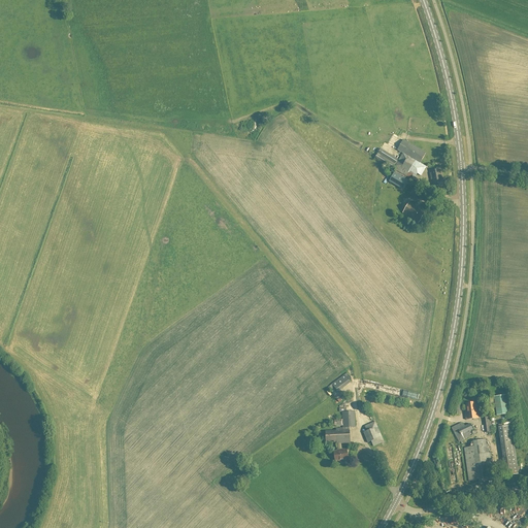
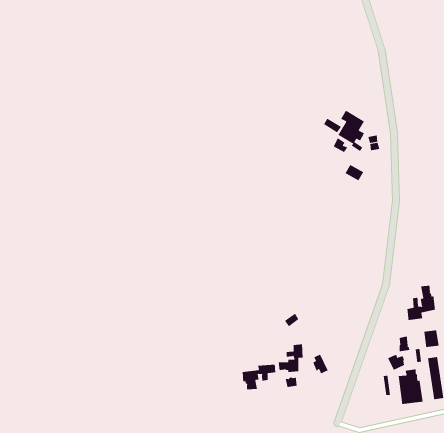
building: none -> [407,285,436,321]
building: none -> [242,364,276,390]

